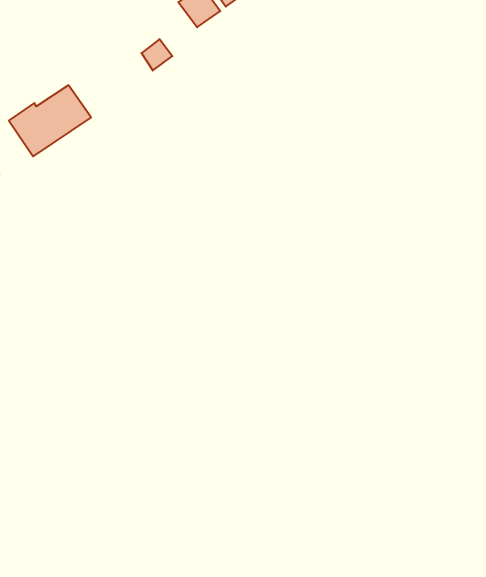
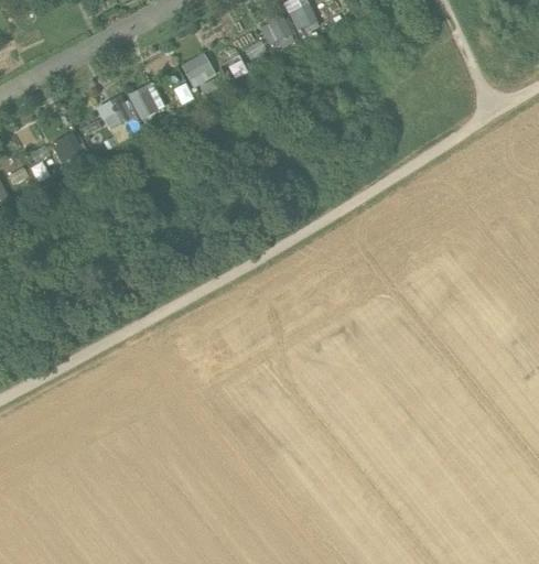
building: none -> [180,52,214,84]

